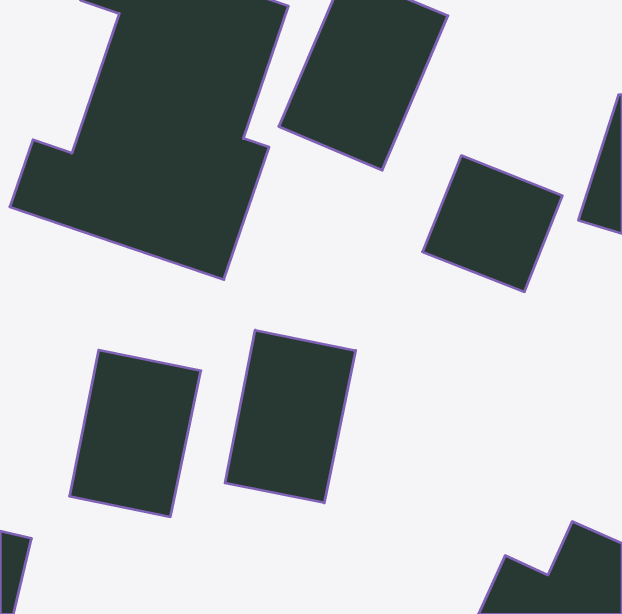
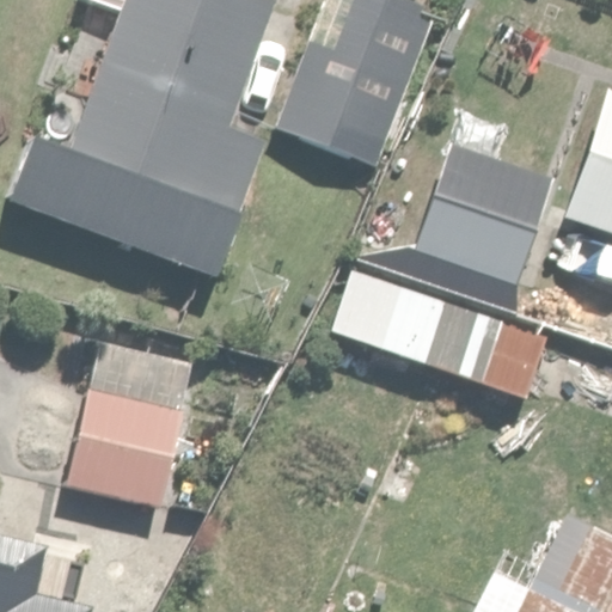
building: none -> [323,259,546,398]
building: [225,330,356,503] -> none

